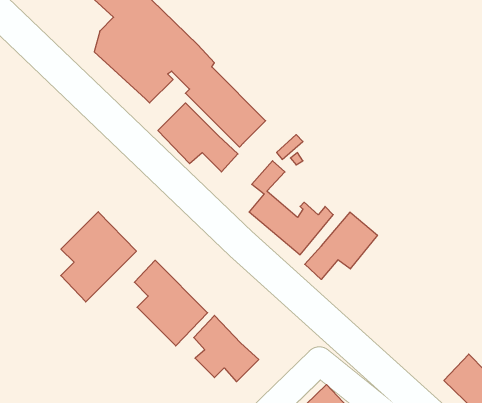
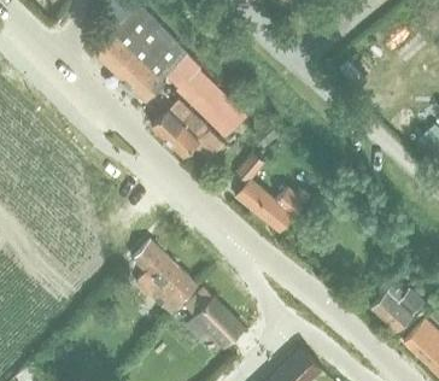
building: [61,212,136,302] -> none
building: [305,212,377,279] -> none
building: none -> [371,288,423,334]

